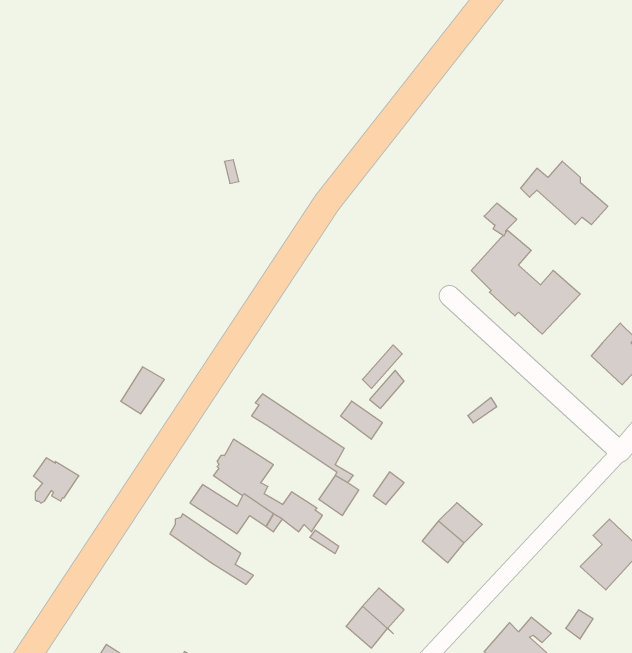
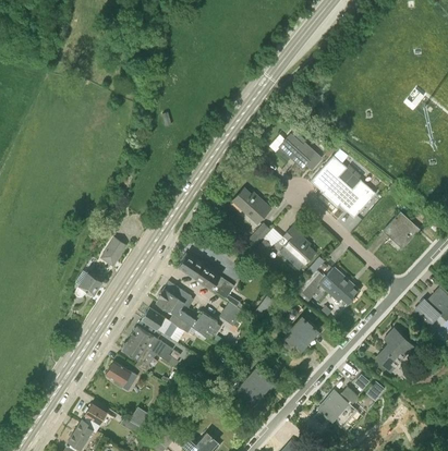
building: [521,161,608,225] -> [269,130,322,168]
building: none -> [232,187,270,222]
building: none -> [278,227,315,270]
building: none -> [300,267,360,307]
building: [33,458,79,503] -> [75,269,102,296]
building: none -> [122,337,155,373]
building: none -> [106,359,136,390]

